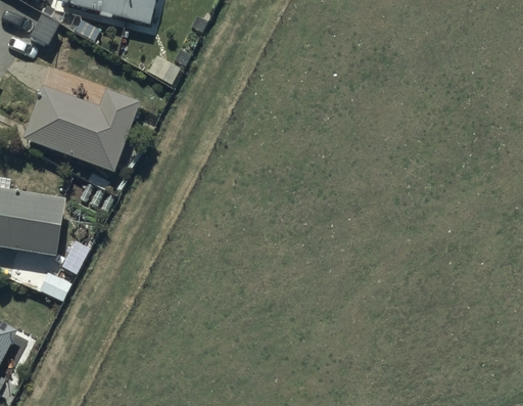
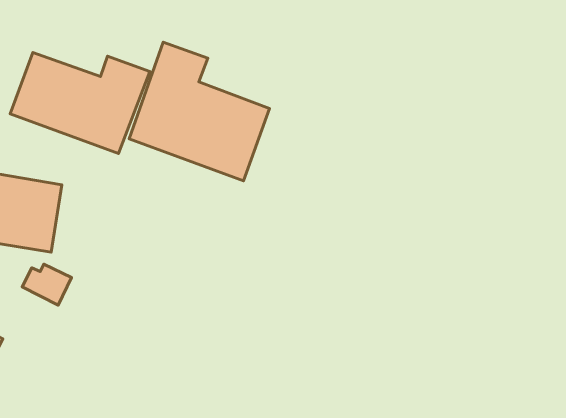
building: none -> [129,42,270,181]

